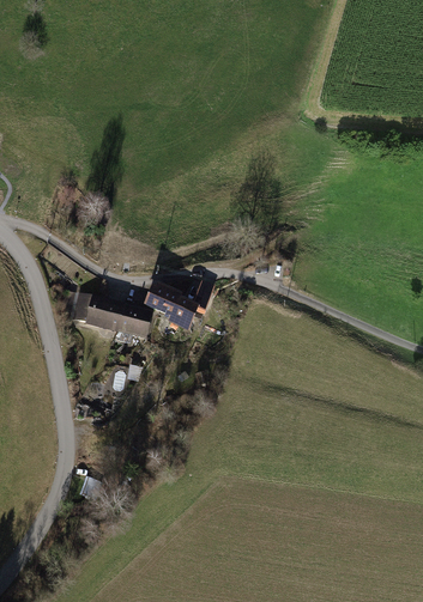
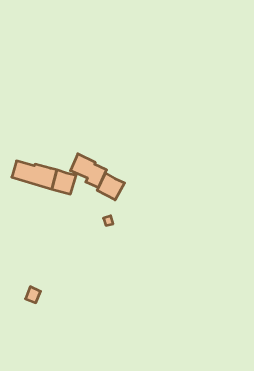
building: none -> [97,173,125,200]

